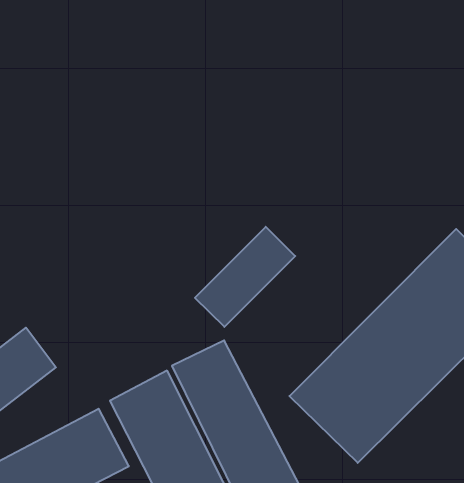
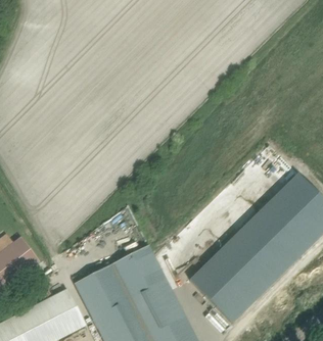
building: [195,227,295,327] -> none

